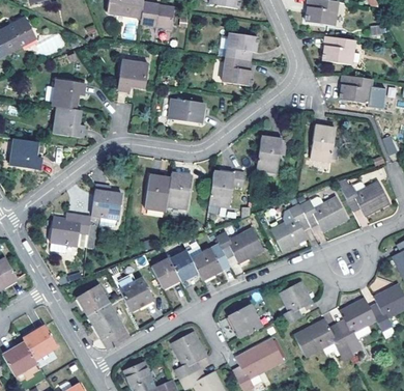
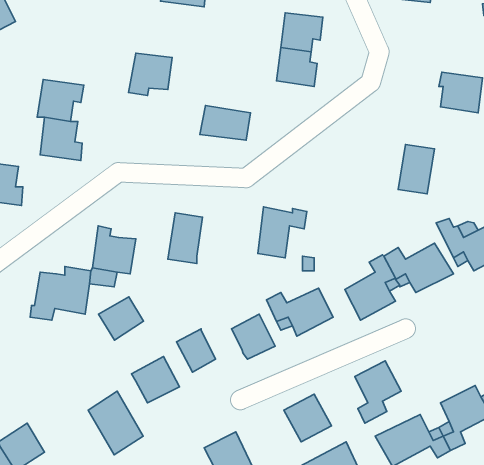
building: [322,35,353,64] -> none
building: [257,136,287,171] -> none
building: [166,171,193,208] -> none
building: [169,249,198,280] -> none
building: [77,284,109,315] -> [98,297,143,340]

